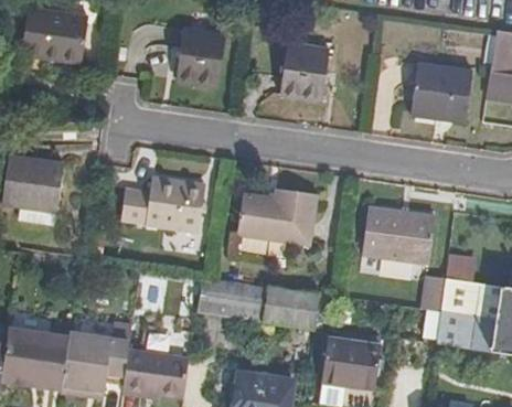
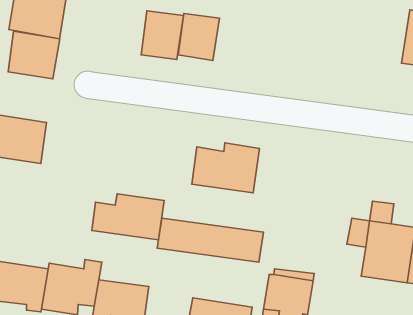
building: [282,47,331,103] -> [178,13,219,60]
building: none -> [8,31,60,79]
building: [414,65,474,124] -> none
building: [120,178,205,232] -> [92,194,164,240]
building: [362,206,435,263] -> none

